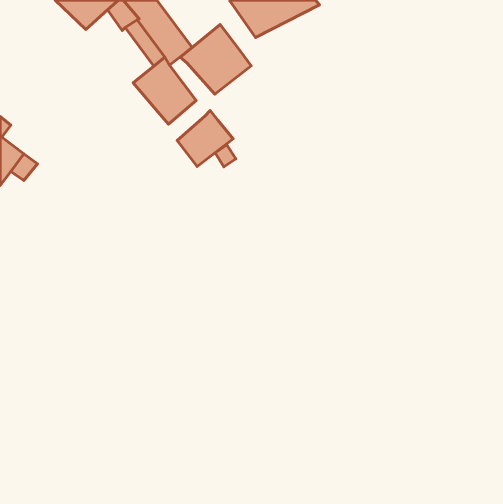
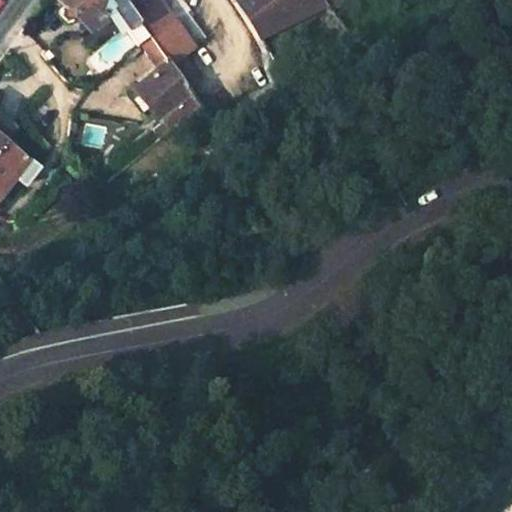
building: [180,25,251,94] -> none
building: [177,110,233,166] -> none

